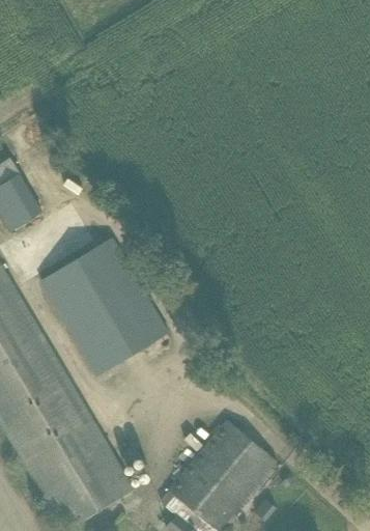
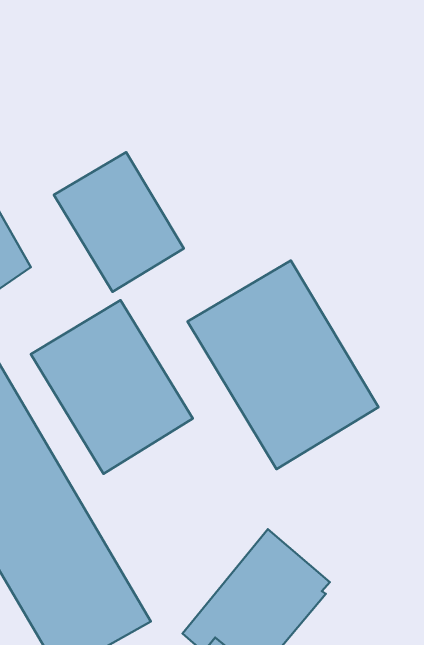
building: none -> [54,152,184,292]
building: none -> [187,261,378,469]

